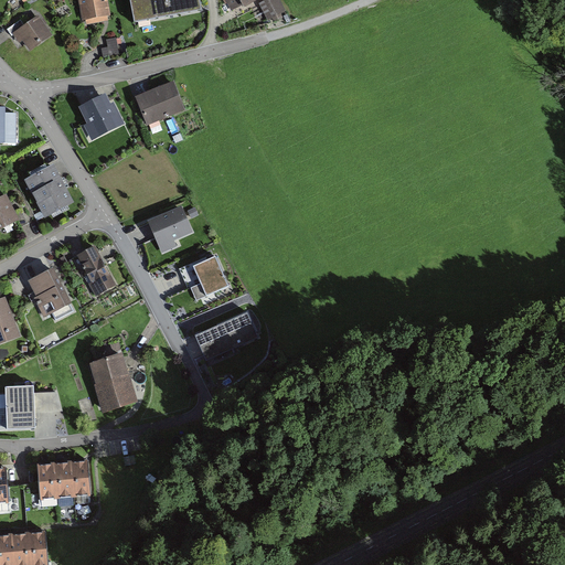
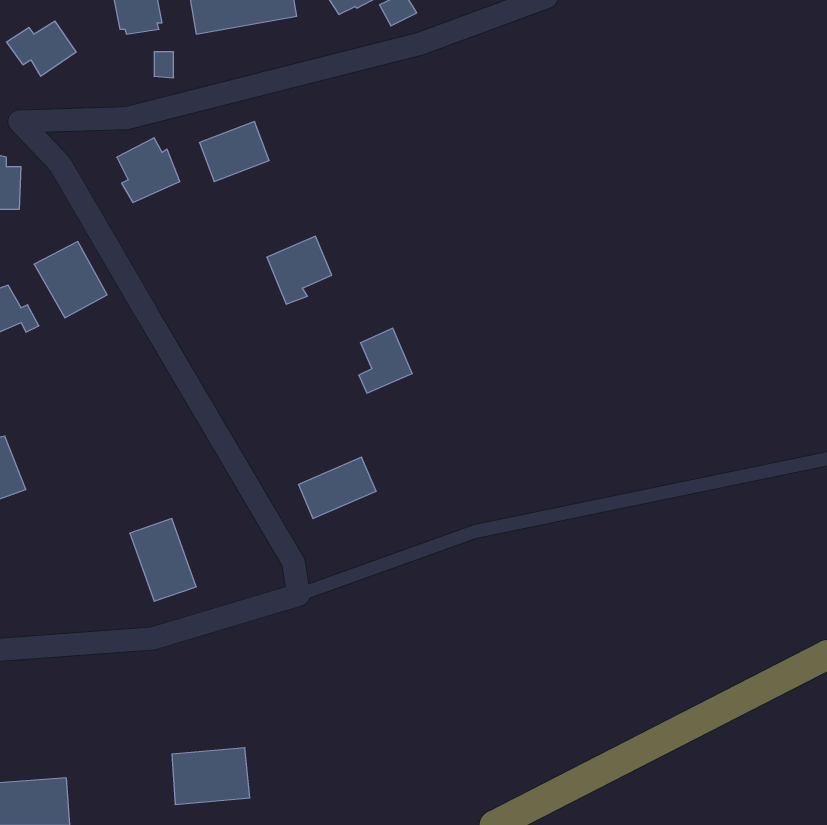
building: [148,205,192,252] -> [267,236,332,304]
building: [68,245,115,295] -> none
building: [191,256,227,300] -> [359,328,412,393]
building: [30,268,68,312] -> none
building: [4,384,56,428] -> none
building: [38,459,90,498] -> [172,748,250,804]

